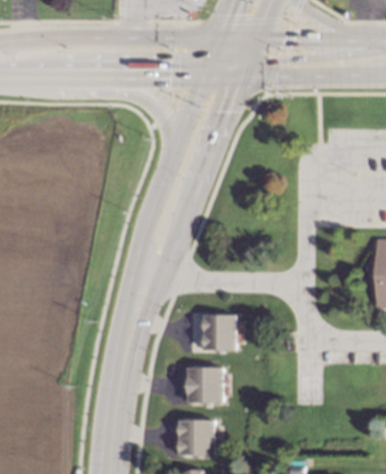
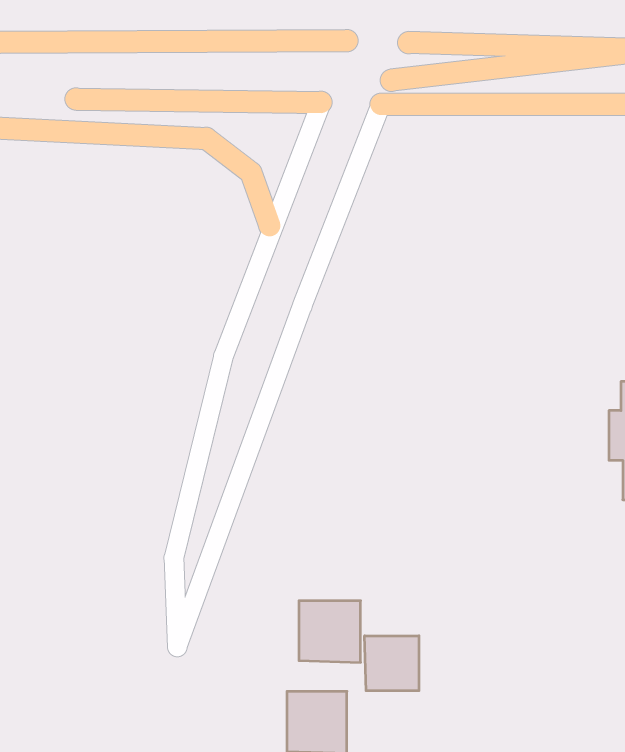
building: [204,314,237,350] -> none
building: none -> [365,636,419,691]

